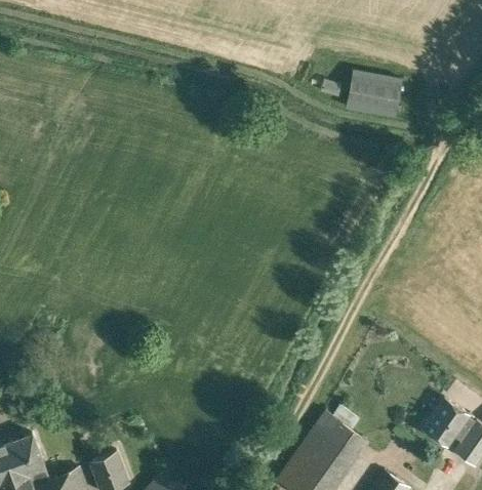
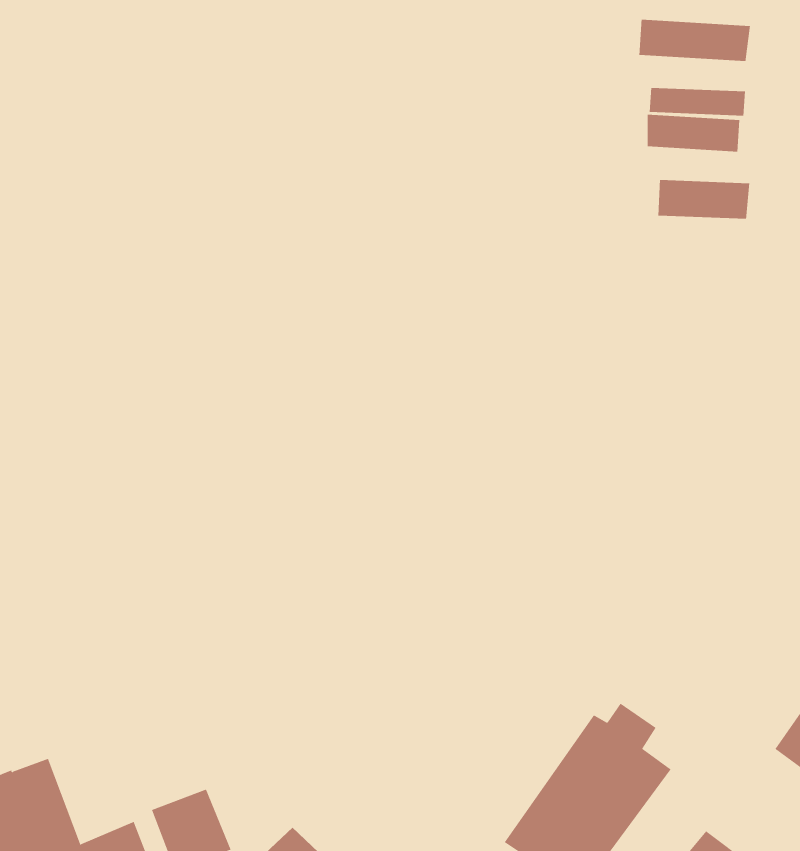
building: none -> [639,19,750,62]
building: none -> [658,179,750,219]

